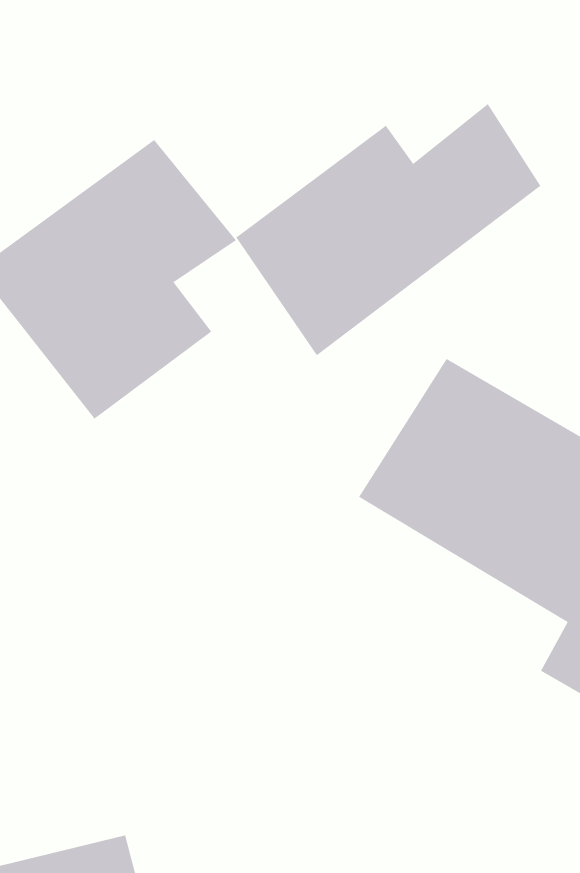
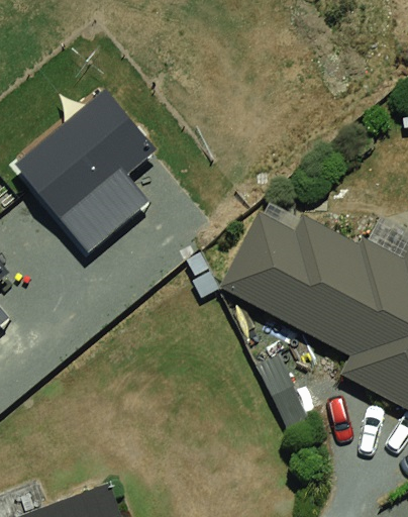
building: [236,103,541,356] -> none

